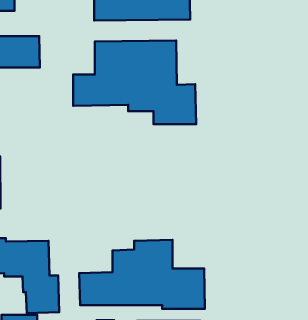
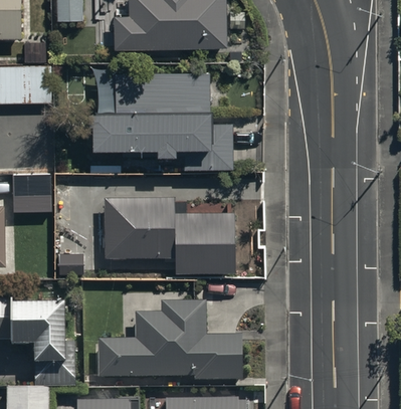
building: none -> [14,174,50,212]
building: none -> [104,197,234,272]

